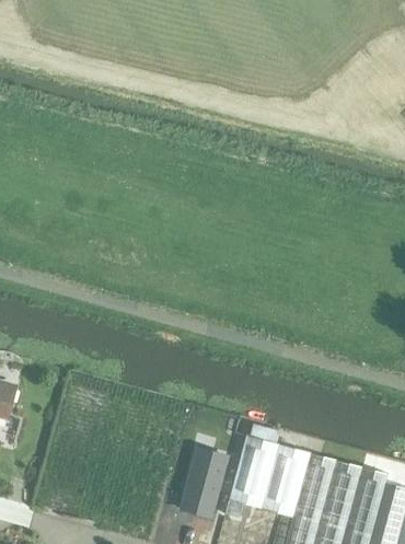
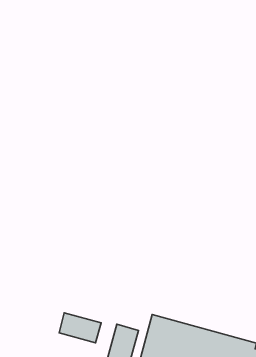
building: none -> [59,313,101,343]

